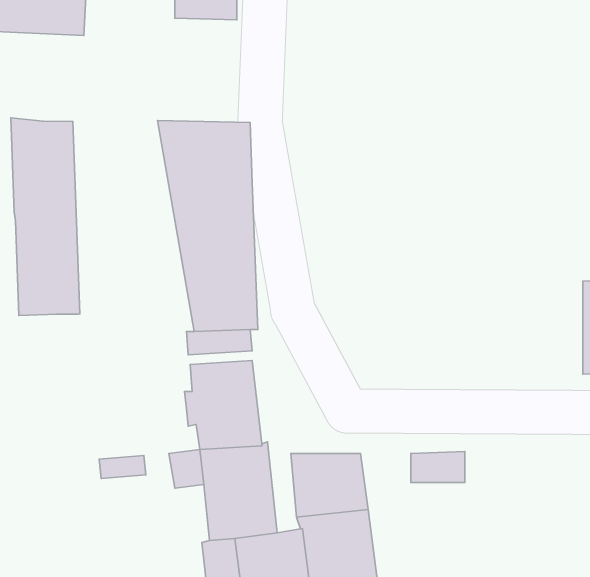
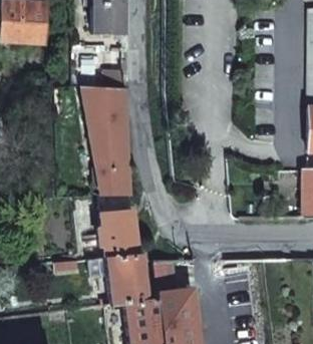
building: [11,118,80,315] -> none

